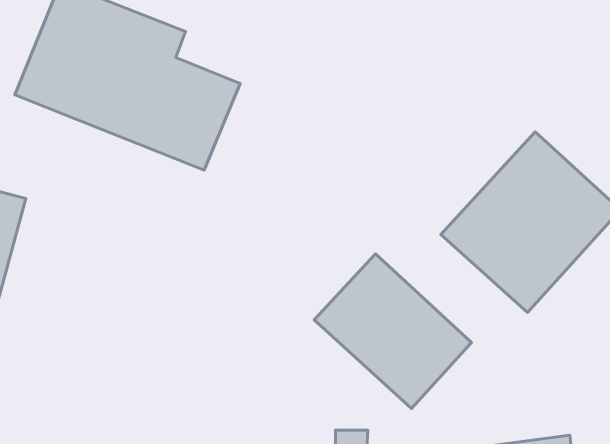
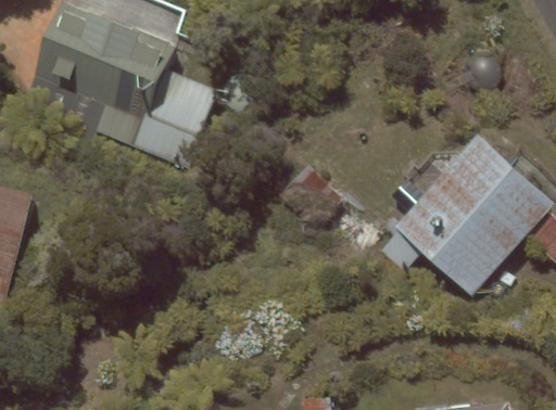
building: [314,254,472,408] -> none

